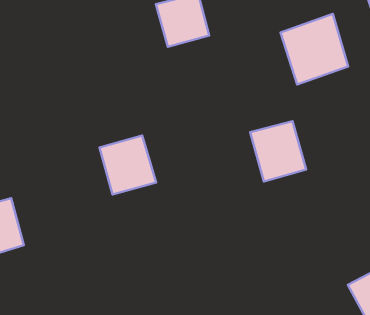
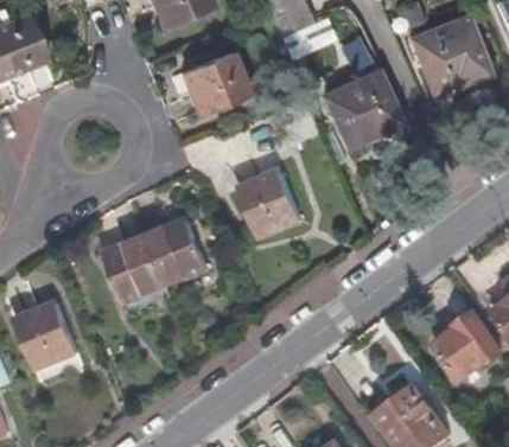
building: [250,121,306,182] -> [238,168,304,237]
building: none -> [103,235,166,302]

